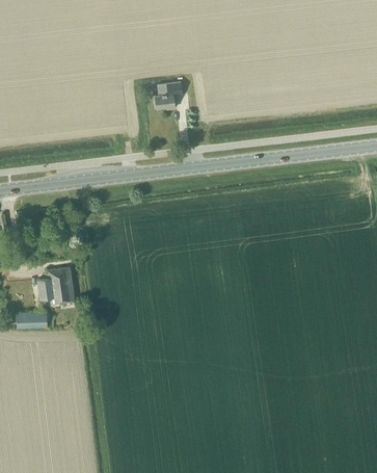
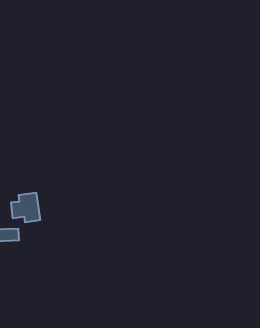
building: [155,80,183,109] -> none

